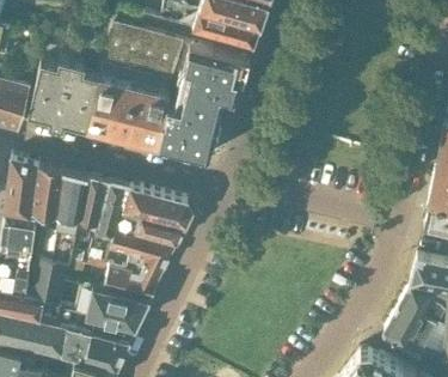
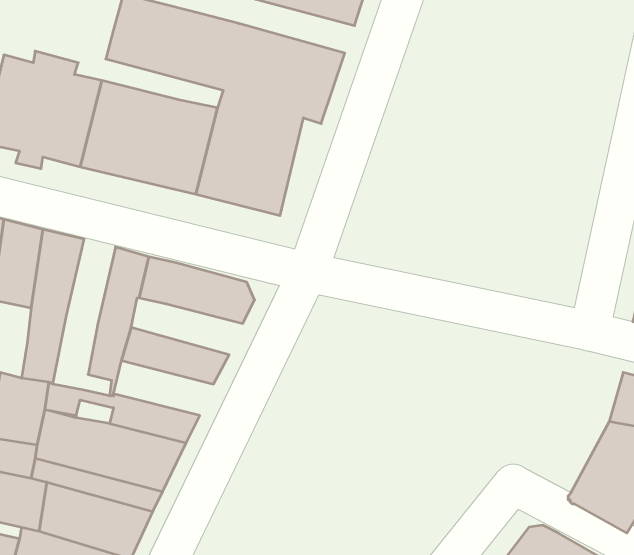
building: [79,177,109,229] -> none
building: [135,217,188,248] -> none
building: [108,251,168,285] -> none

